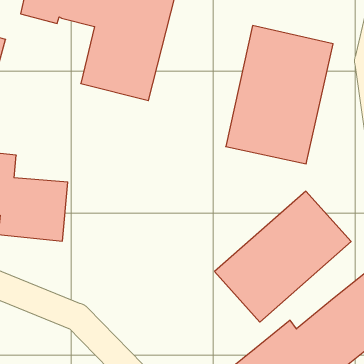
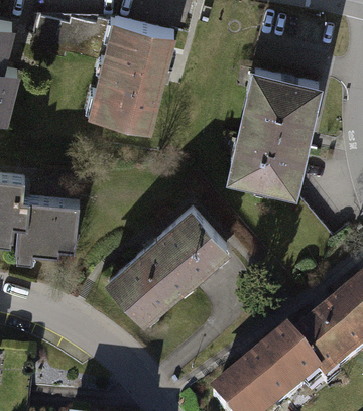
building: [215,191,351,322] -> [103,209,231,331]

